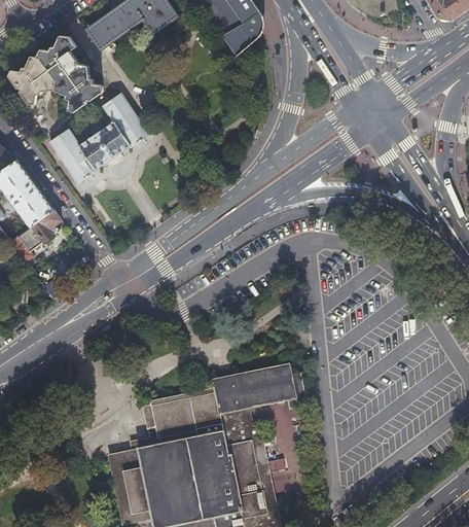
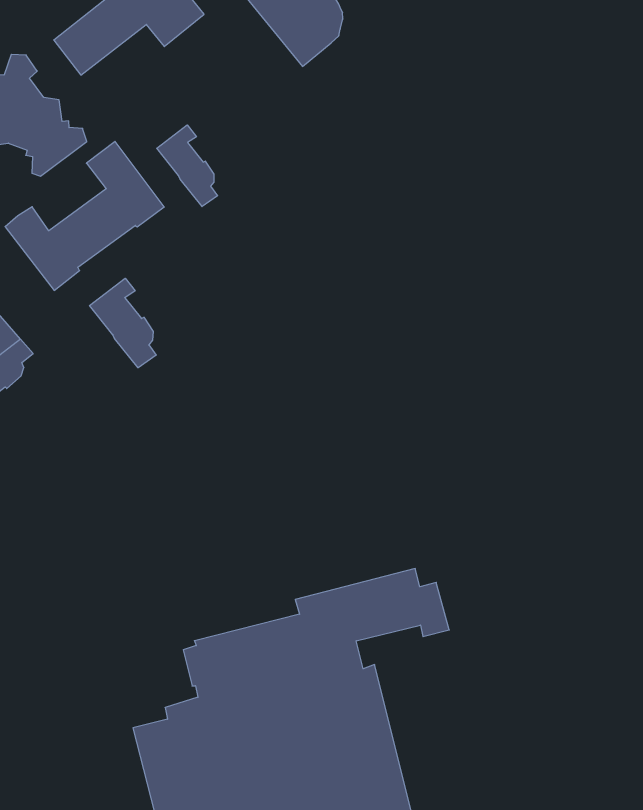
building: none -> [157,125,218,207]
building: none -> [90,278,156,368]

